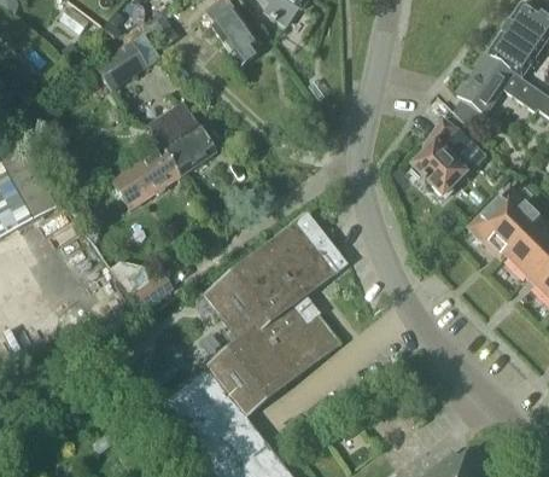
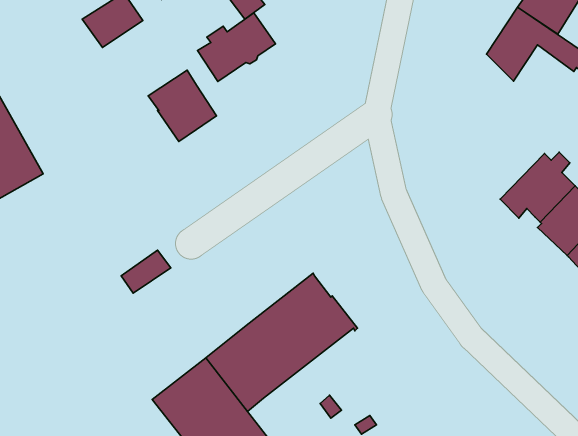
building: [409,117,485,194] -> none
building: [110,146,180,208] -> [198,13,275,81]
building: [204,216,341,339] -> none

